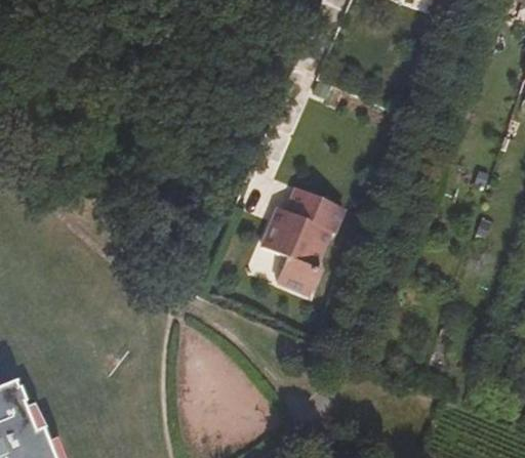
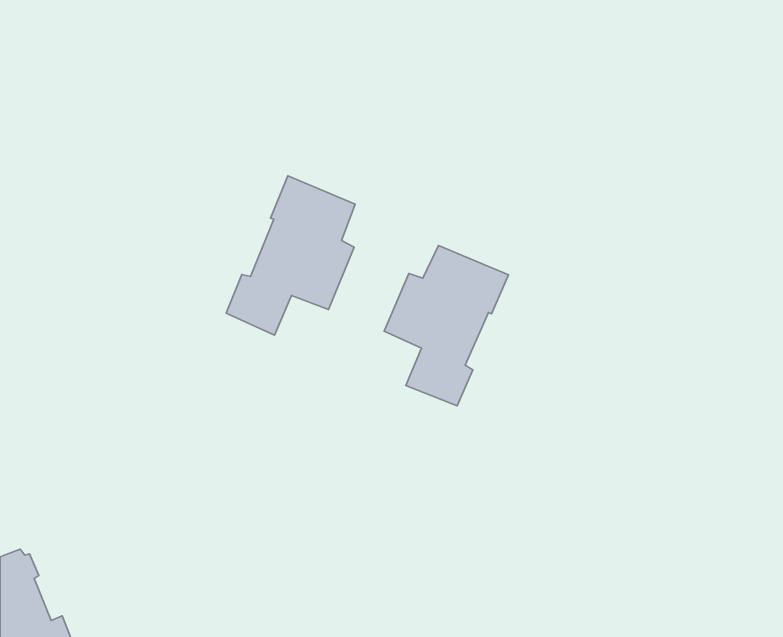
building: none -> [226,176,355,335]

